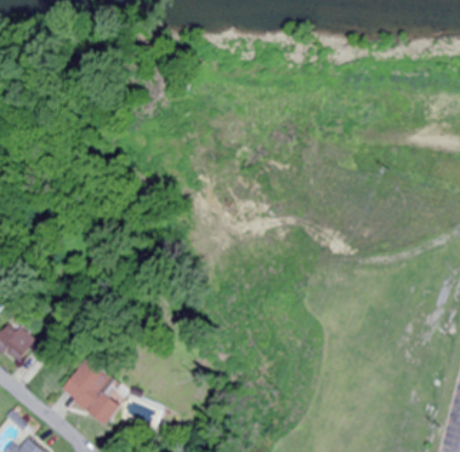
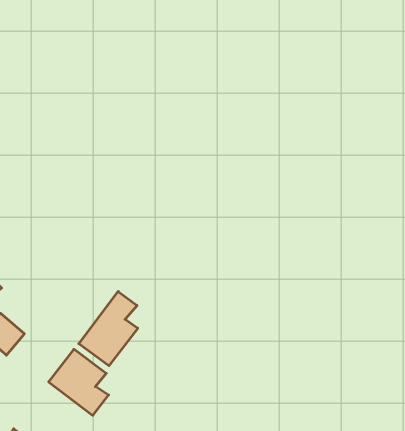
building: none -> [79,291,138,366]

